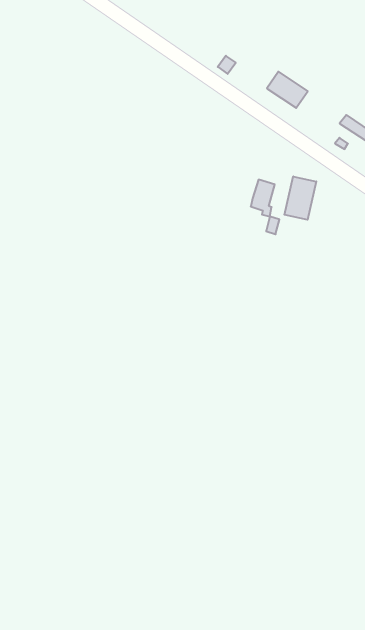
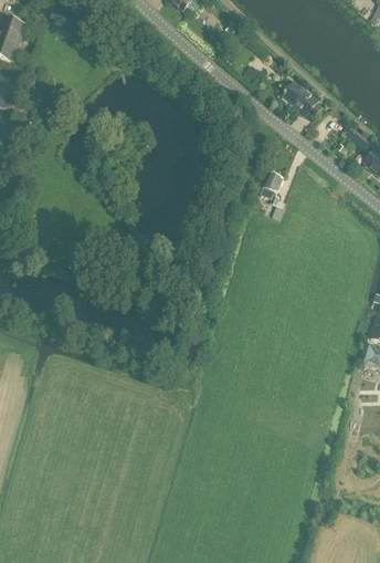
building: [284,176,316,220] -> none

